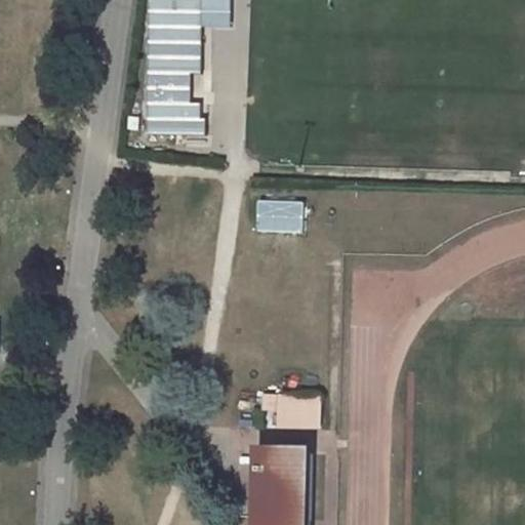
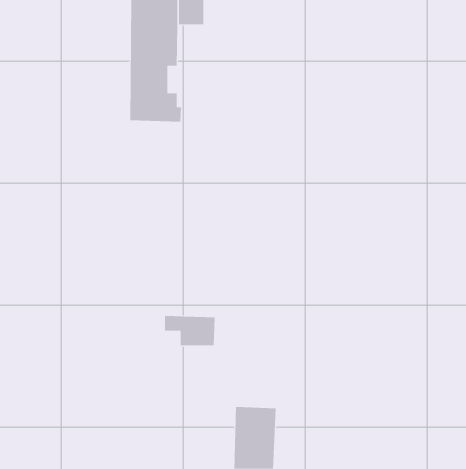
building: [256,200,302,232] -> none
building: [258,393,316,427] -> [164,315,216,346]

